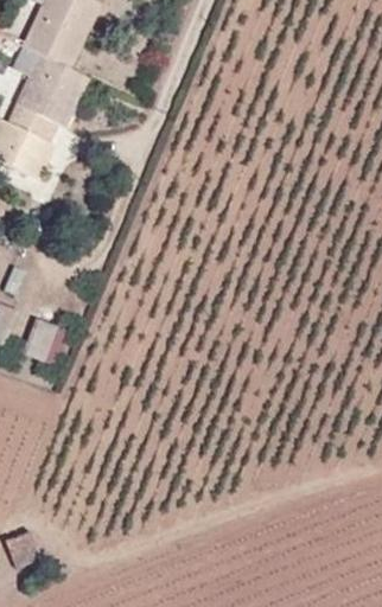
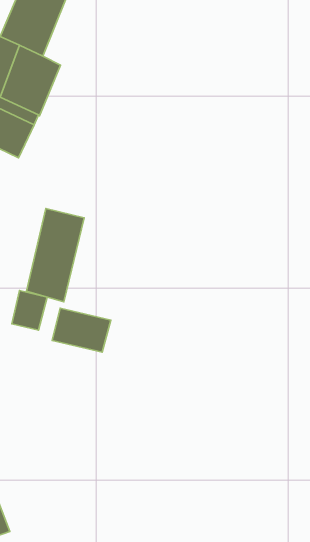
building: none -> [26,209,84,302]
building: none -> [52,308,111,352]

